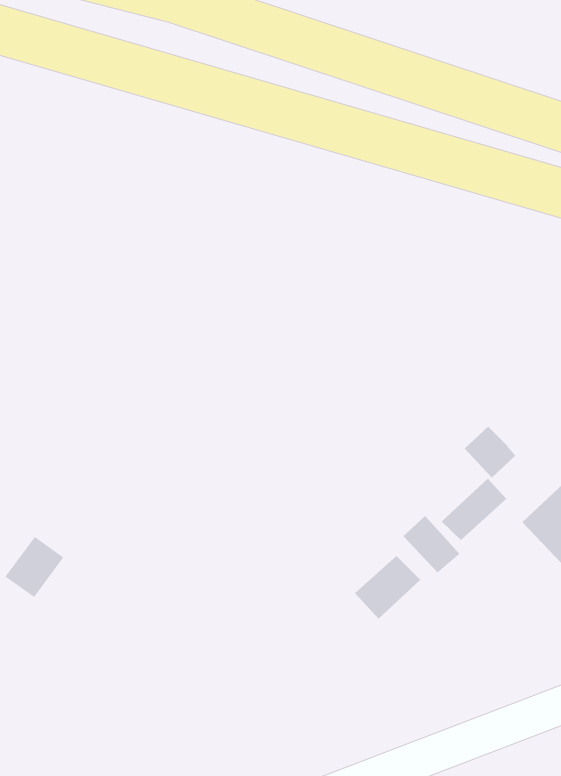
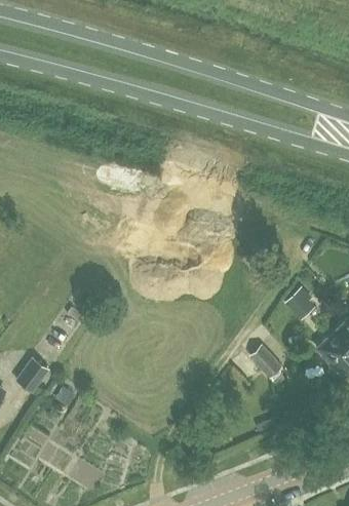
building: [441,478,507,541] -> none
building: [354,555,421,620] -> none

